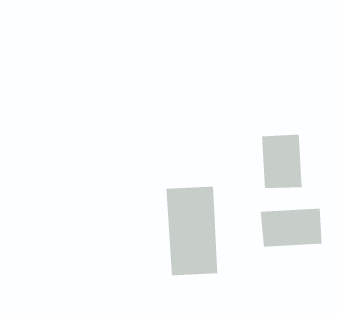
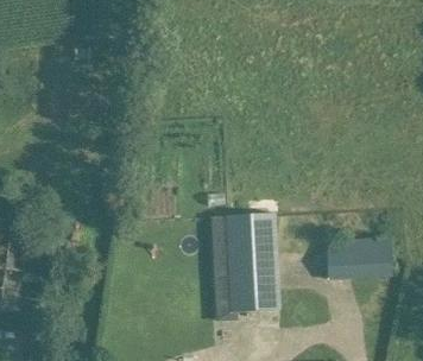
building: [261,134,303,189] -> none

